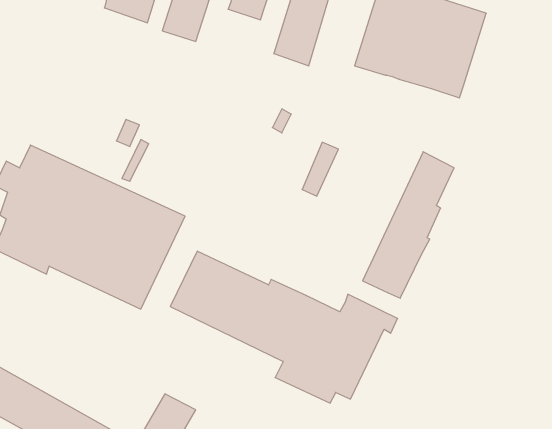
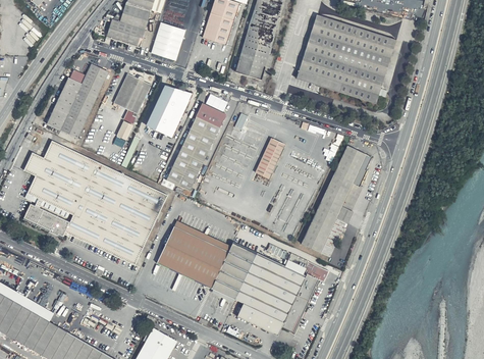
building: none -> [46,62,108,139]
building: none -> [112,73,151,113]
building: none -> [145,85,193,137]
building: none -> [166,102,225,191]

